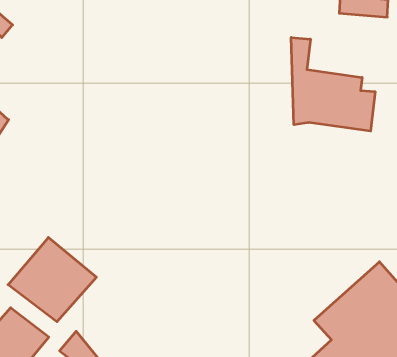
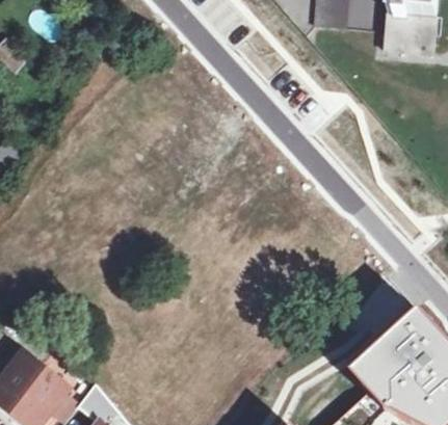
building: [291,37,375,131] -> none
building: [8,237,96,322] -> none

